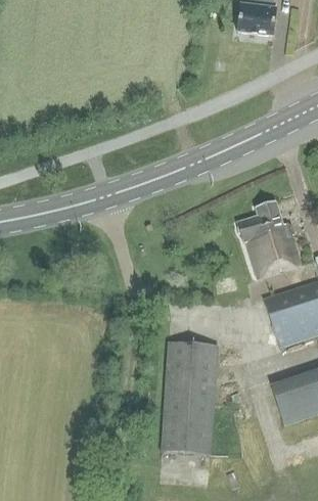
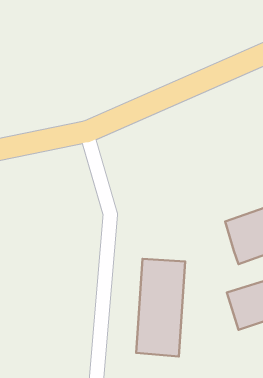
building: [237,200,302,279] -> none

